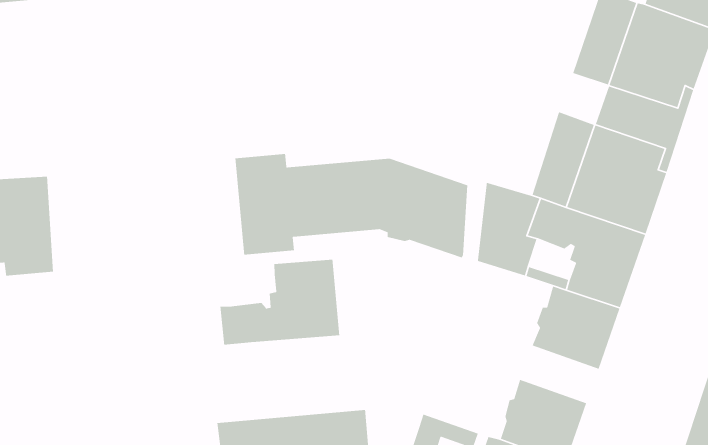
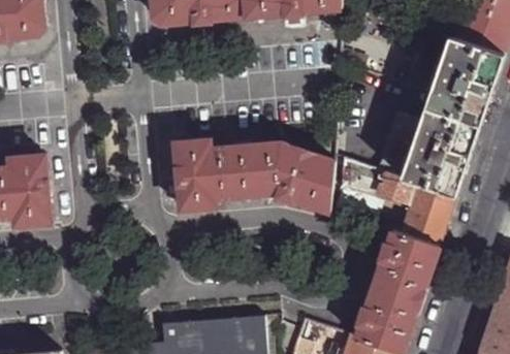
building: [220,259,340,346] -> none
building: none -> [370,272,424,312]

